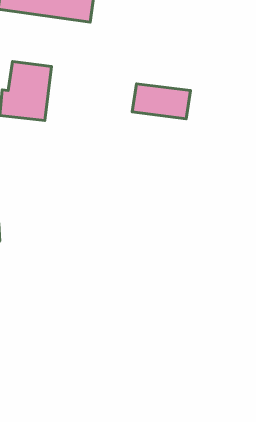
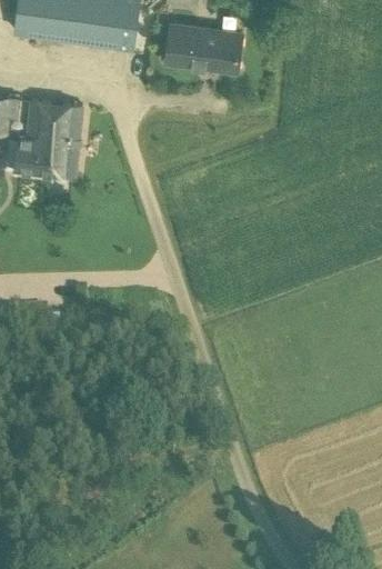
building: [132,84,190,119] -> [164,24,240,70]

